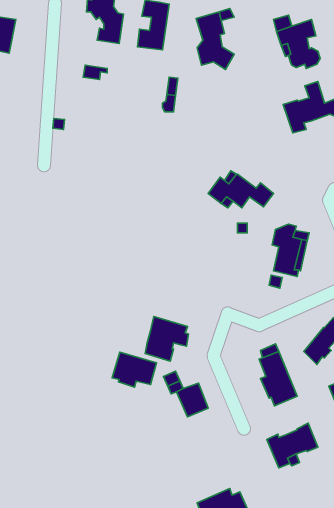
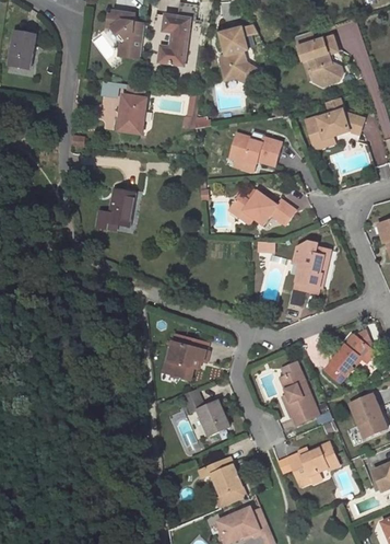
building: none -> [117,85,145,134]
building: none -> [229,130,281,174]
building: none -> [96,190,133,229]
building: [112,352,157,387] -> none
building: none -> [198,456,246,508]

